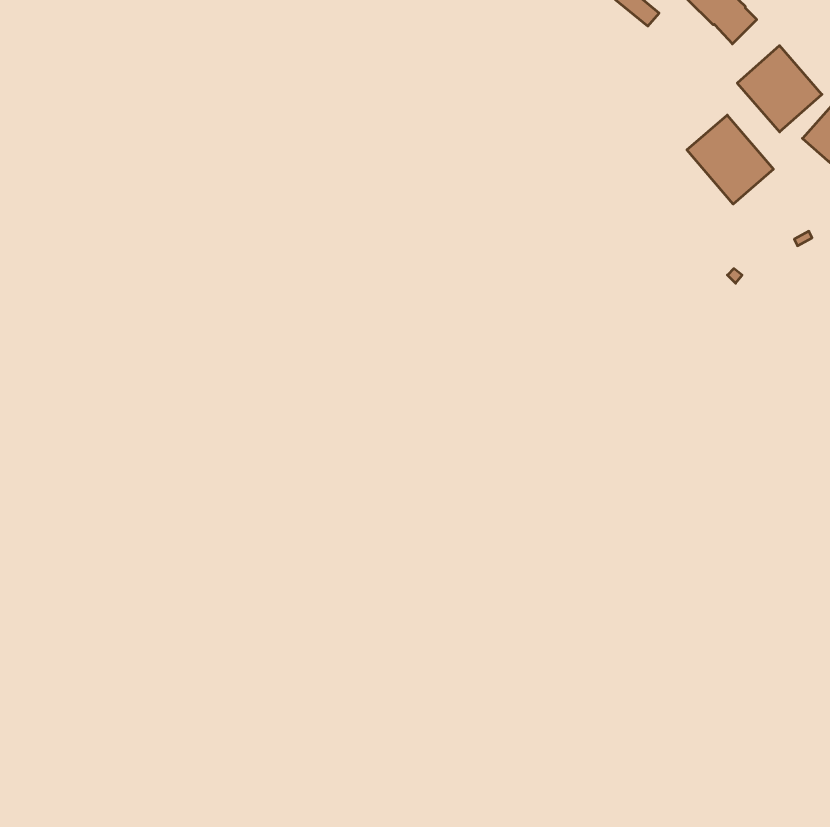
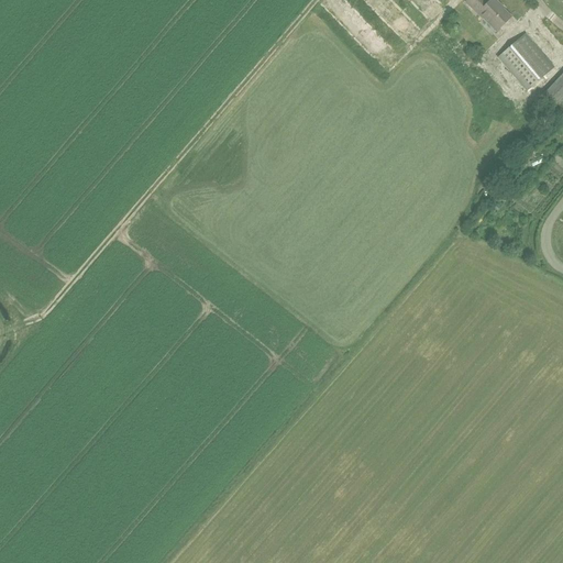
building: [687,115,773,204] -> none

